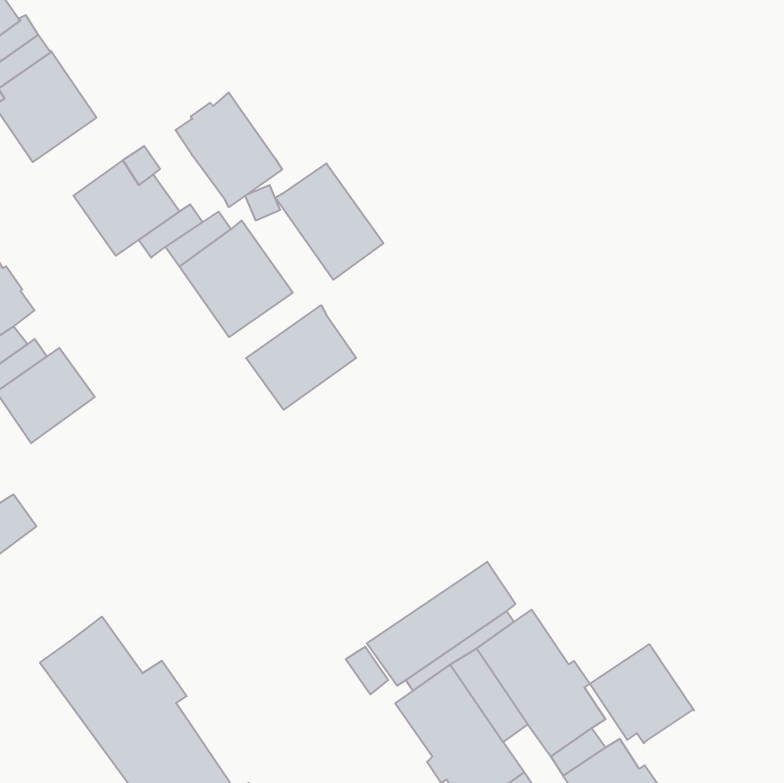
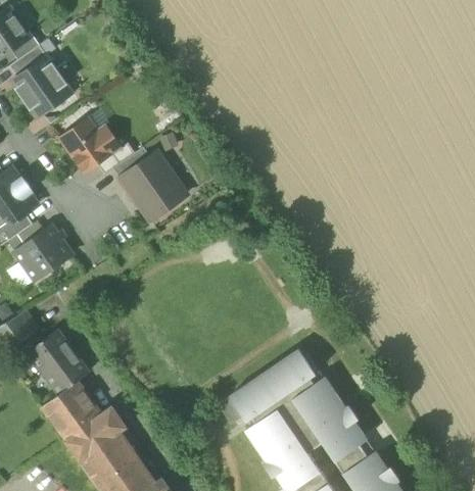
building: [175,92,282,207] -> none
building: [275,163,383,280] -> none
building: [246,305,356,410] -> none
building: none -> [28,330,89,394]
building: [590,644,694,743] -> none

